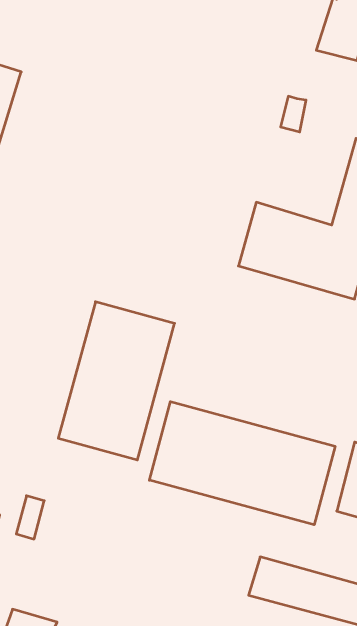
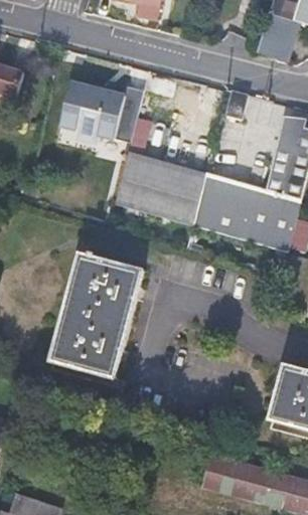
building: none -> [60,82,146,144]
building: none -> [117,152,206,224]
building: [149,402,335,525] -> none

